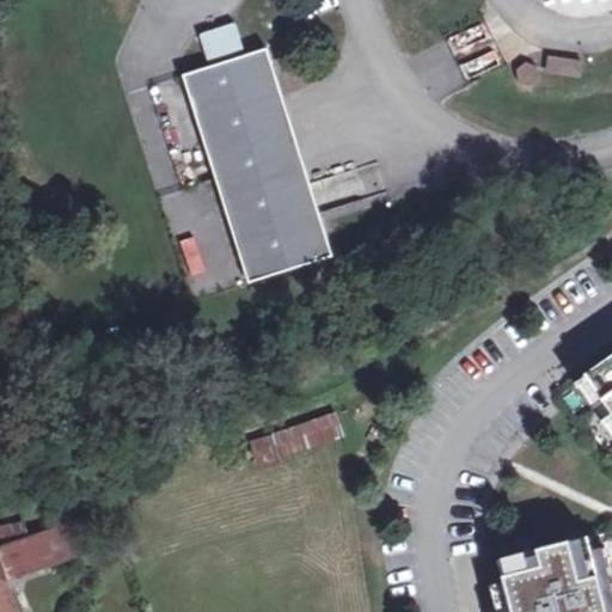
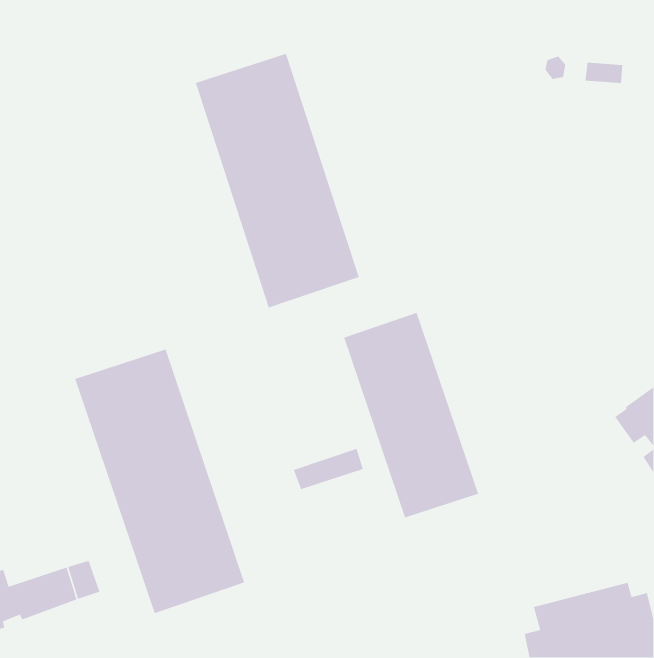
building: none -> [343,312,479,519]
building: none -> [74,348,245,614]

